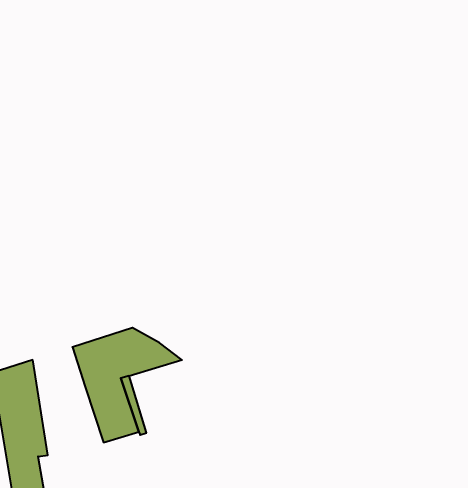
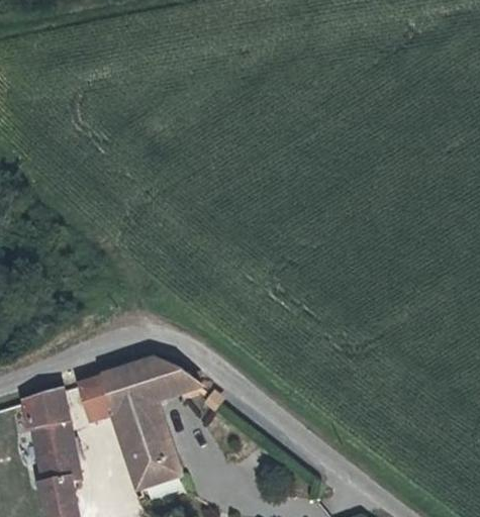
building: none -> [80,376,113,420]
building: none -> [130,455,177,488]

